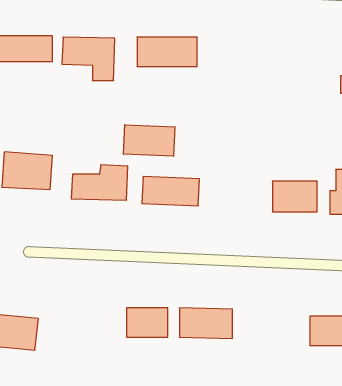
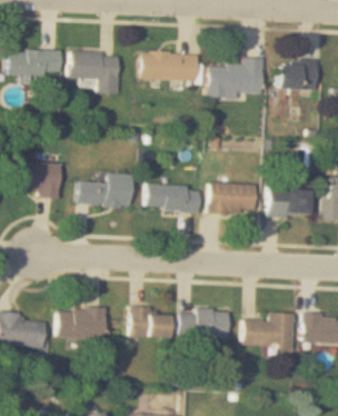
building: none -> [208,57,262,96]
building: none -> [277,61,317,89]
building: [124,125,175,156] -> none
building: none -> [210,184,256,212]
building: none -> [59,308,107,339]
building: none -> [245,313,296,348]

